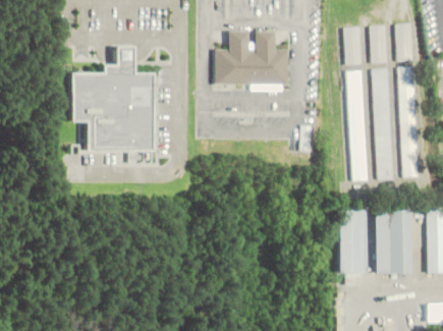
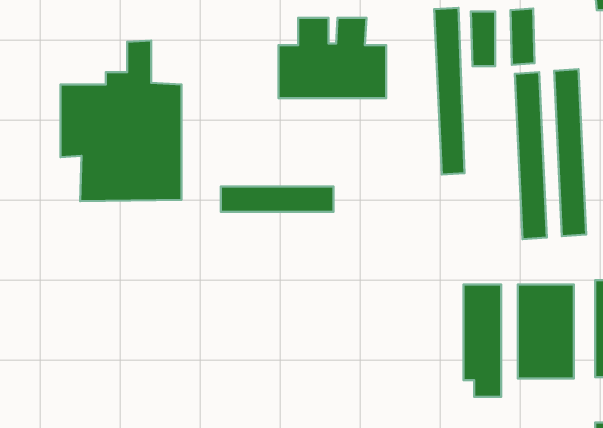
building: [396,24,412,61] -> none
building: [346,70,367,182] -> [434,8,465,175]
building: none -> [221,187,333,212]

